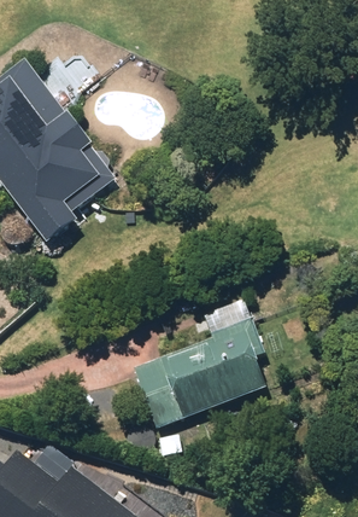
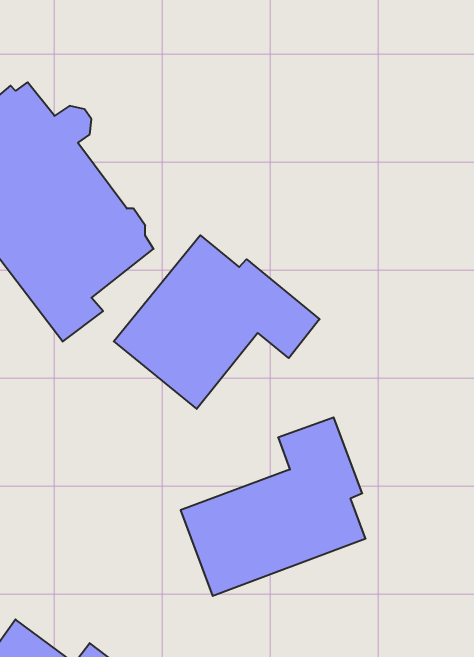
building: none -> [114,235,320,409]

